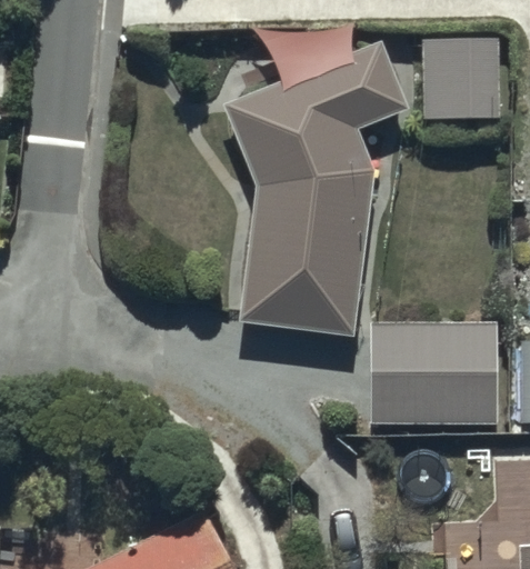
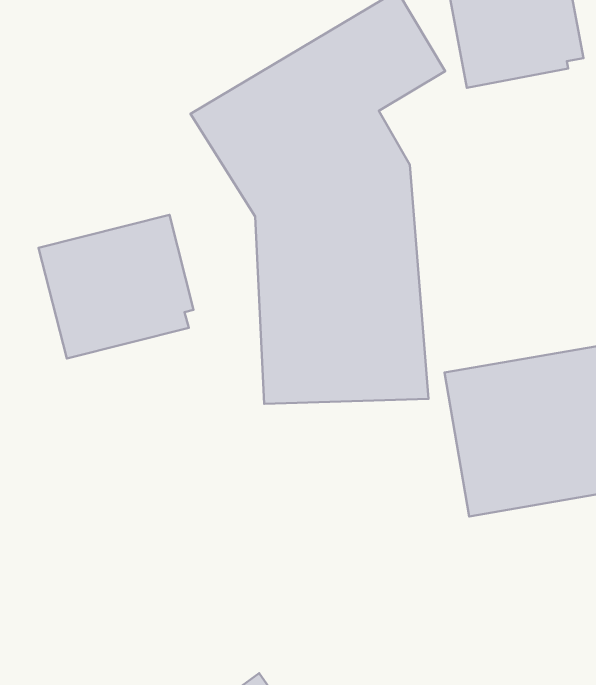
building: none -> [39,215,194,359]

